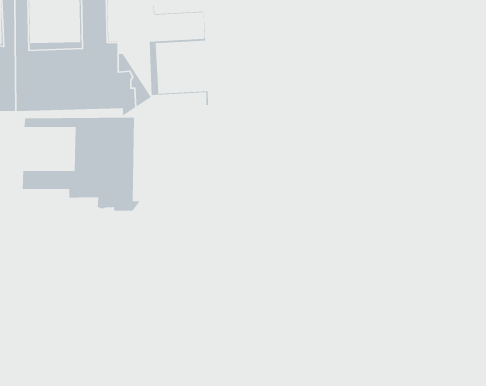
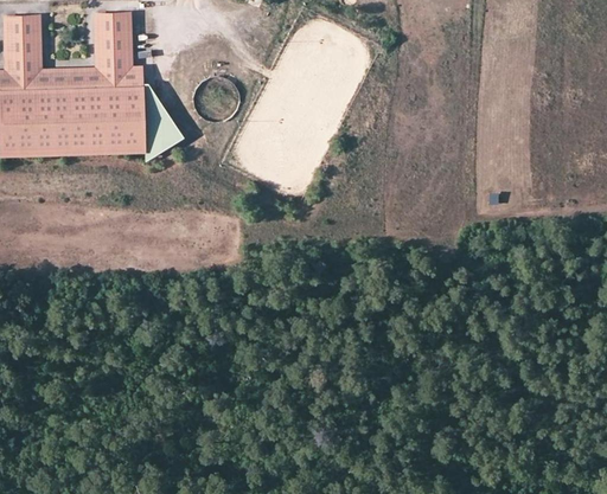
building: [149,4,209,106] -> none
building: [22,117,141,211] -> none

